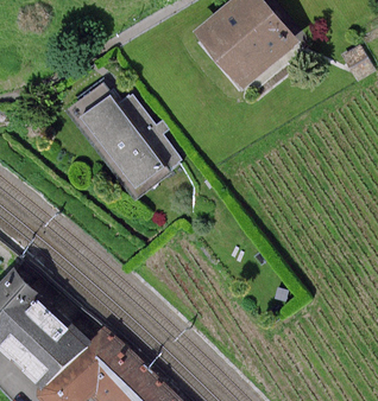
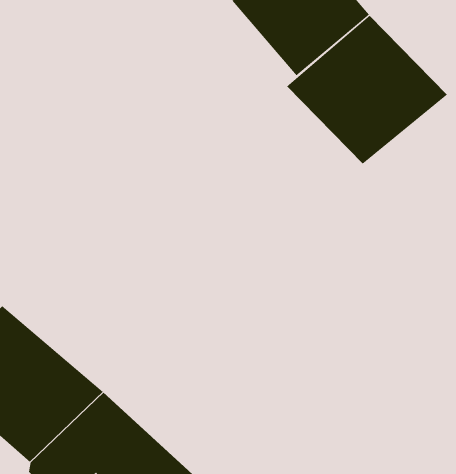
building: none -> [286,15,448,165]
building: [67,79,182,193] -> none

